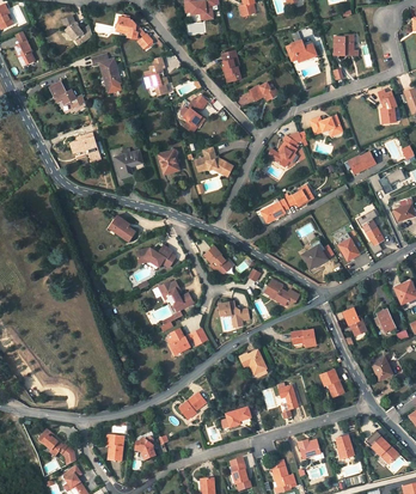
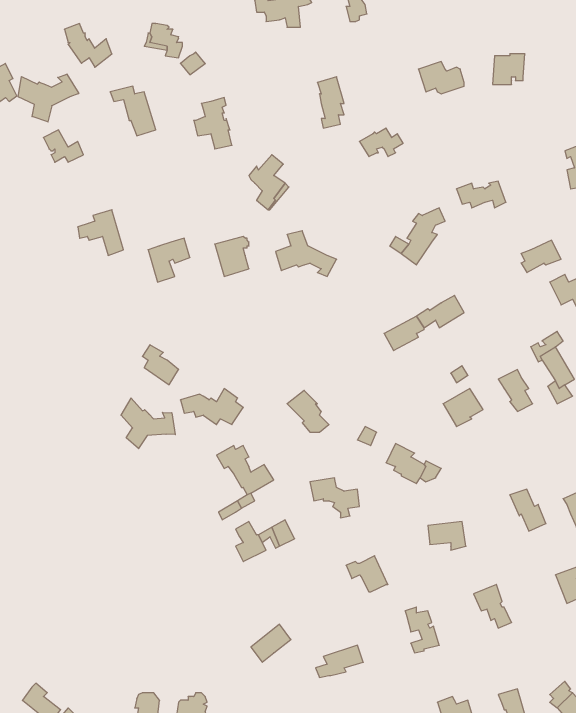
building: none -> [18,74,79,122]
building: none -> [121,398,175,449]

